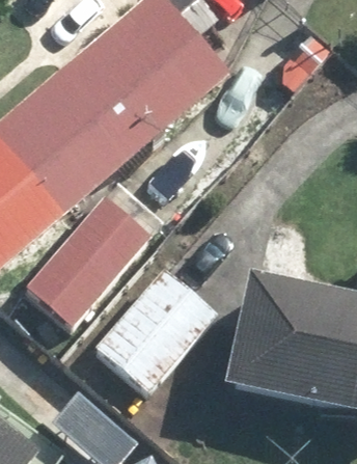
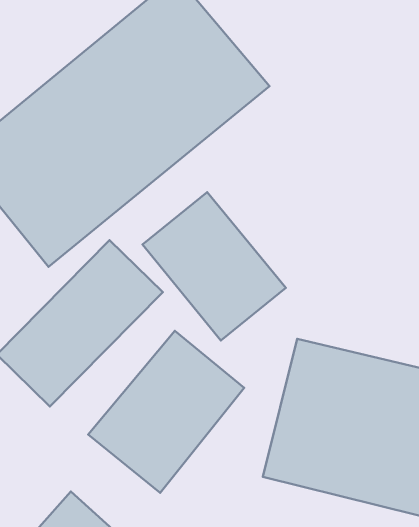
building: none -> [142,192,286,340]

